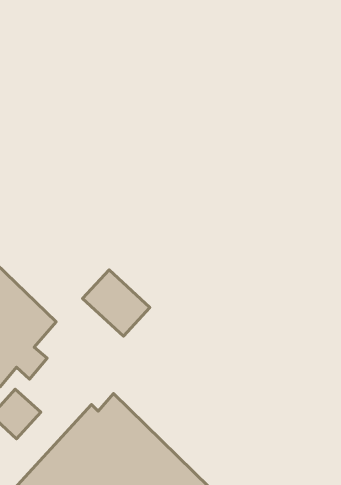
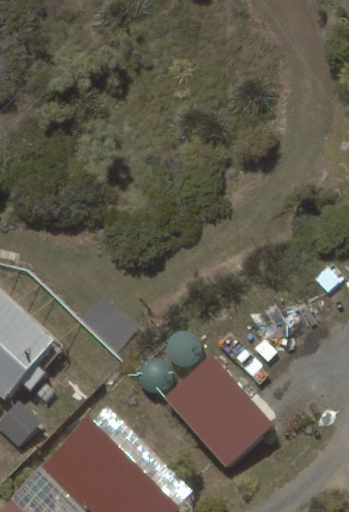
building: none -> [163,355,275,468]

